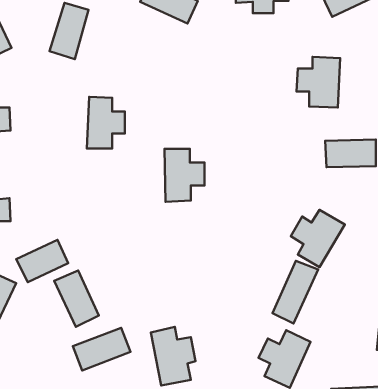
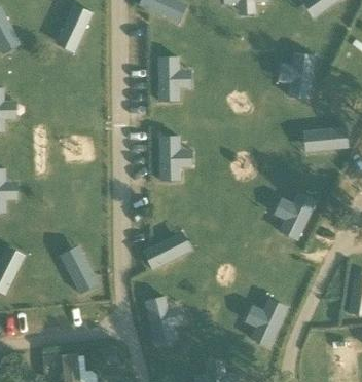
building: [87,97,125,148] -> [155,54,189,101]
building: [16,240,68,282] -> none
building: [272,261,318,323] -> none
building: [73,328,130,370] -> [140,231,191,269]

